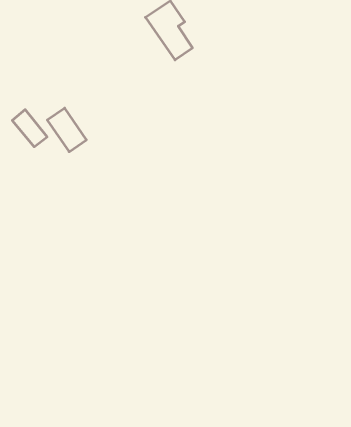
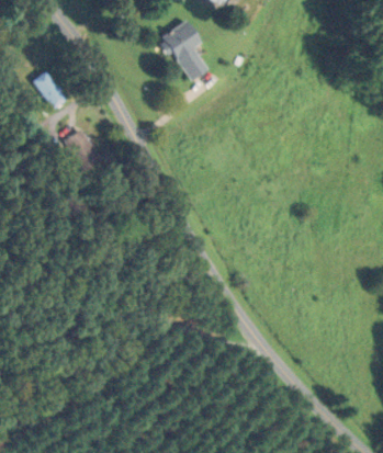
building: [12,110,47,147] -> [33,70,68,107]

